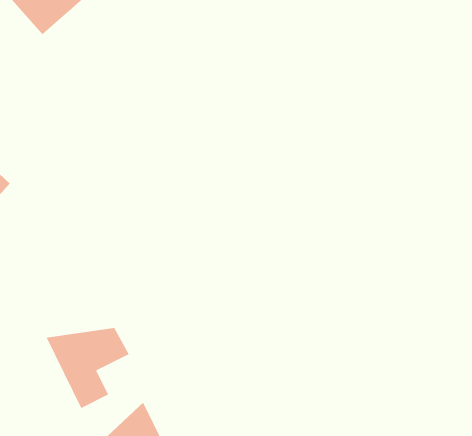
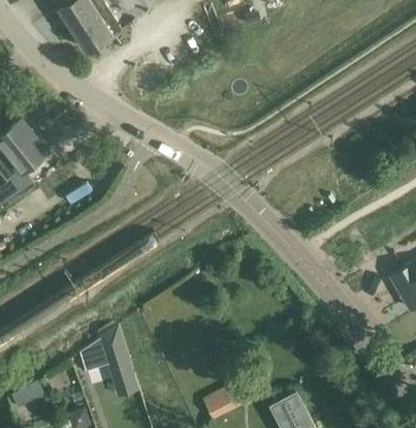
building: [45,327,130,409] -> none

